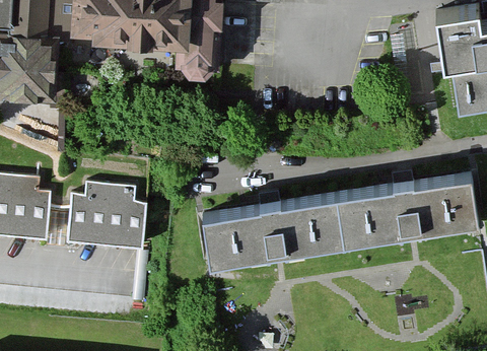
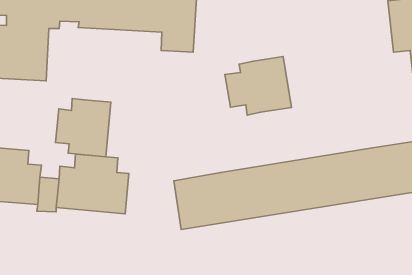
building: none -> [225,57,291,115]
building: none -> [56,99,111,157]

